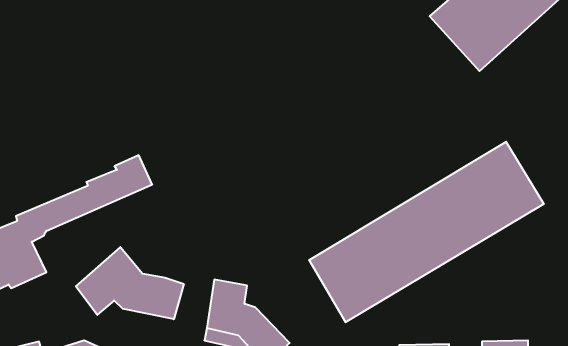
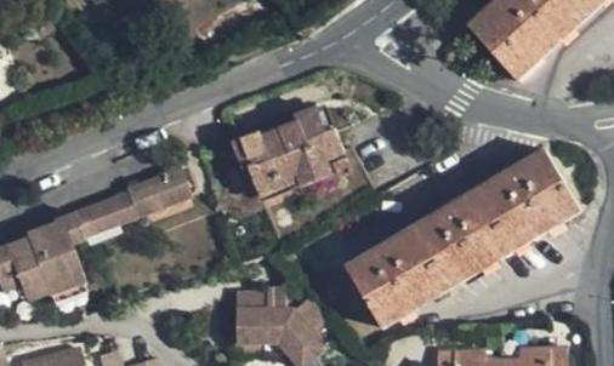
building: none -> [231,107,343,196]
building: [76,247,184,319] -> none

